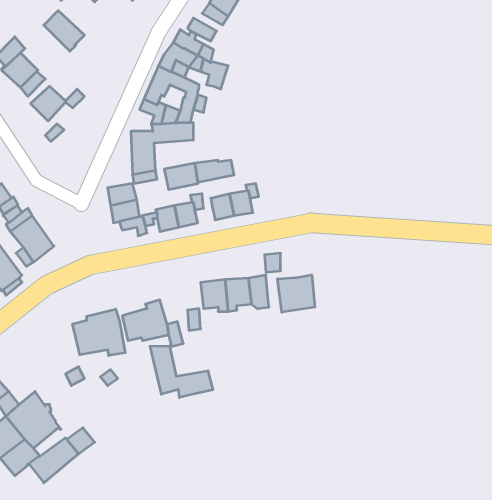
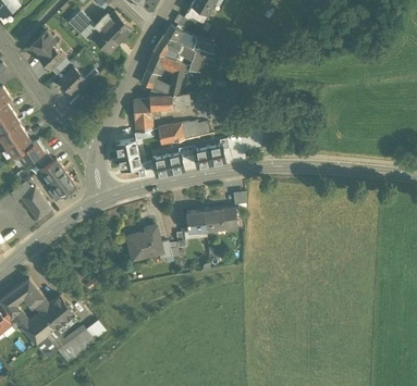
building: none -> [90,11,131,51]
building: [278,275,315,312] -> none
building: [73,309,125,356] -> none
building: [150,346,213,398] -> none

